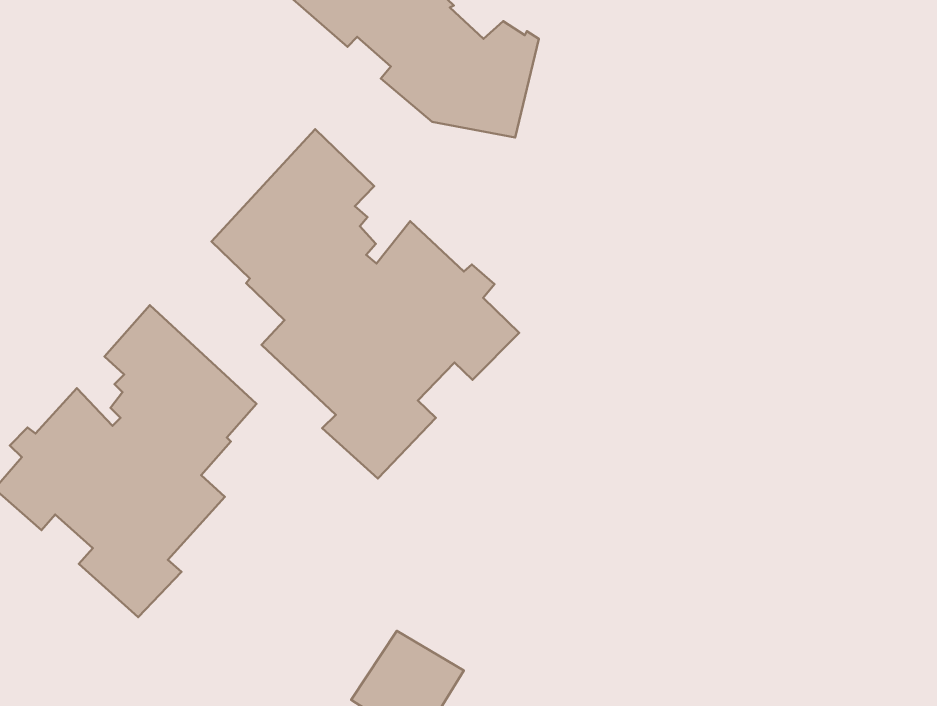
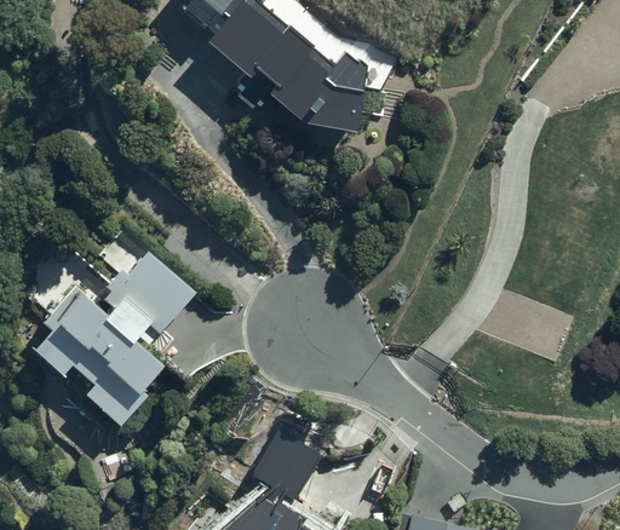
building: [211,129,519,479] -> none

